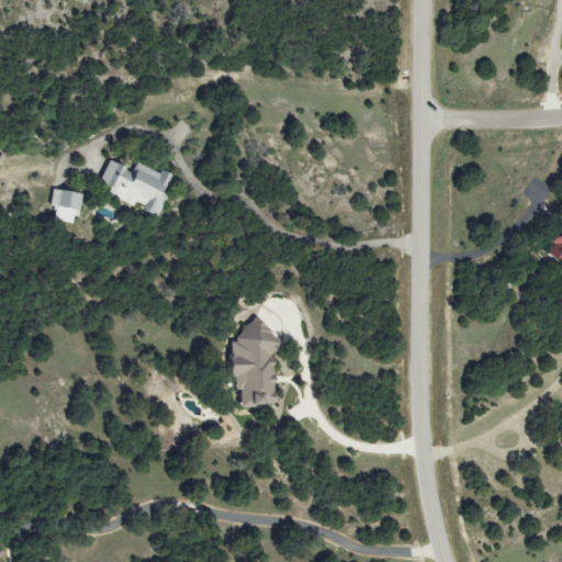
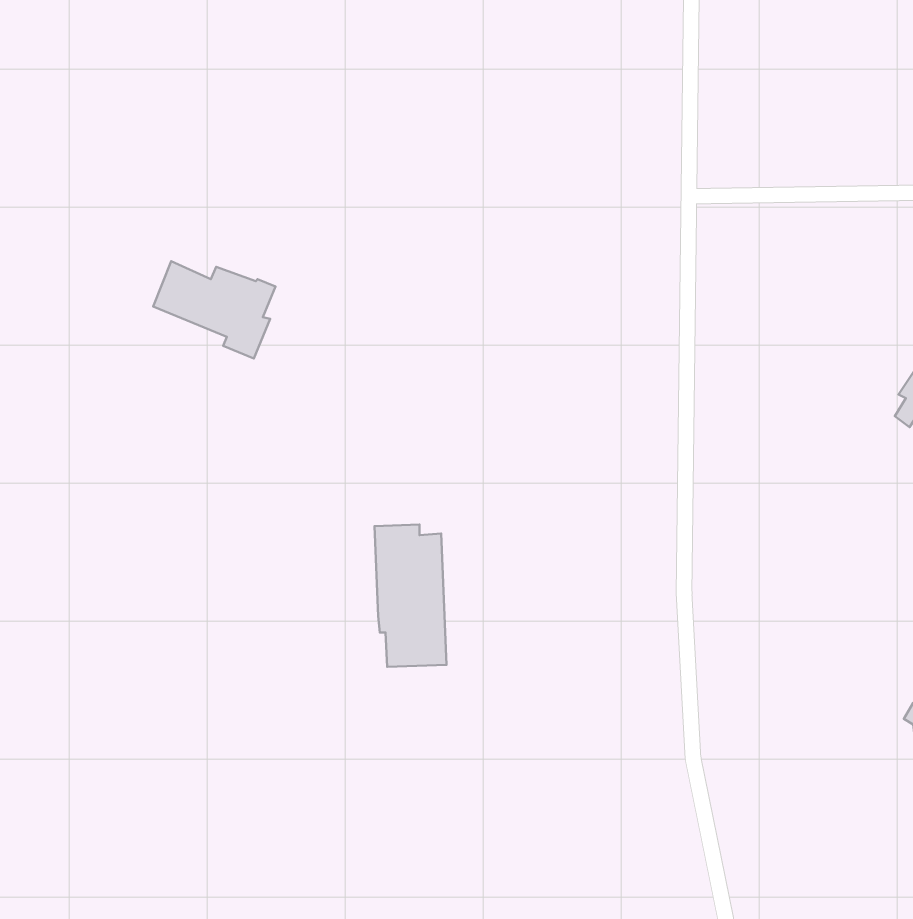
building: [49,189,81,223] -> none

